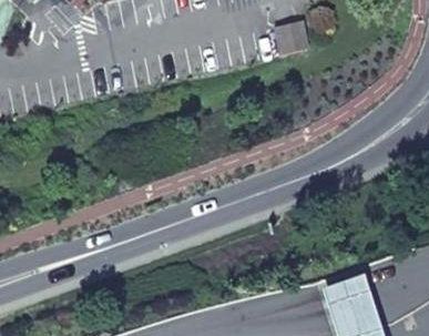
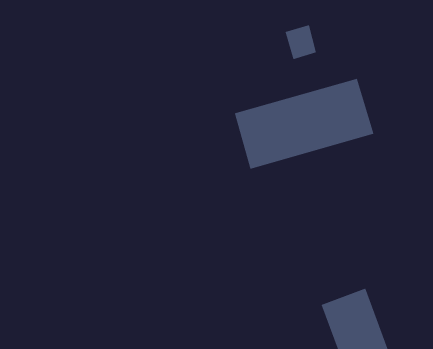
building: none -> [234,78,375,170]

